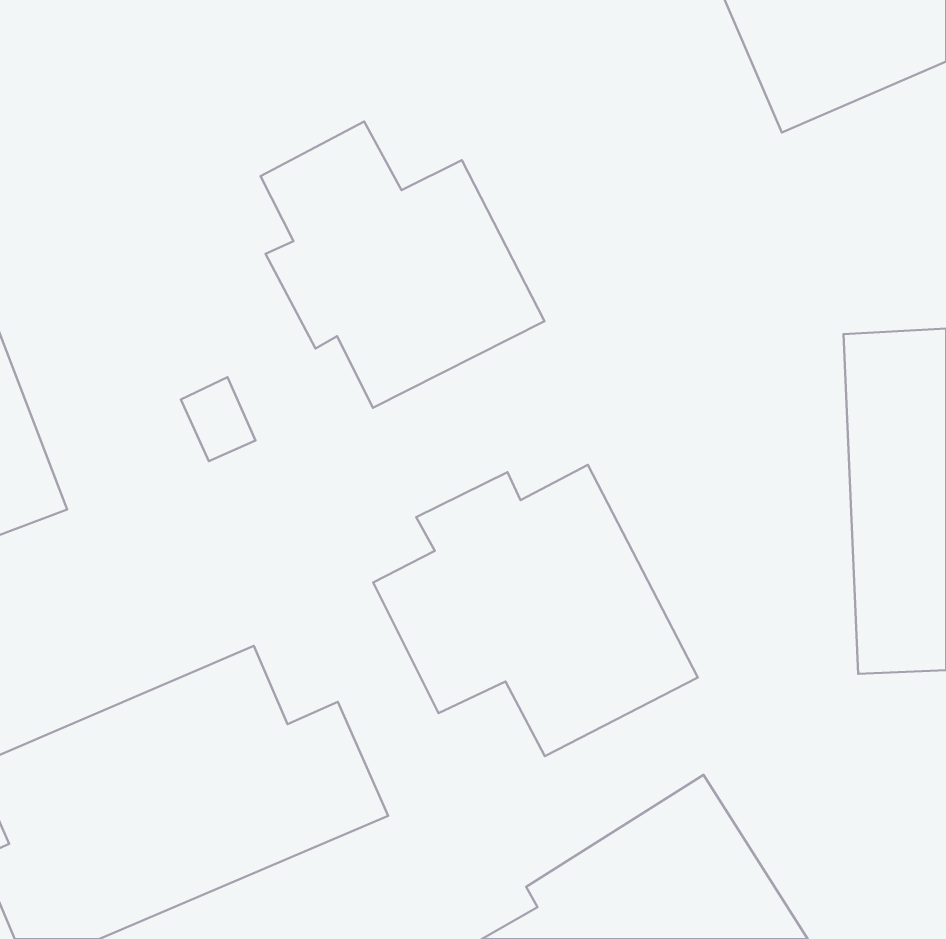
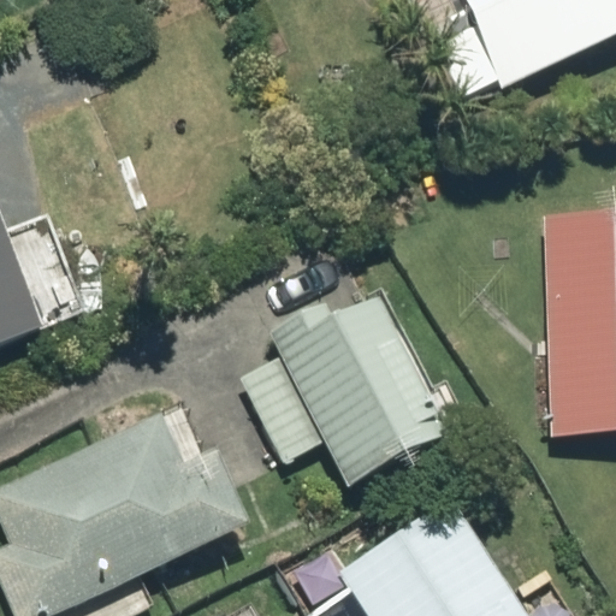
building: [260,121,544,408] -> none

